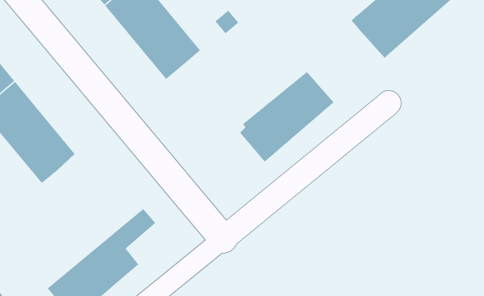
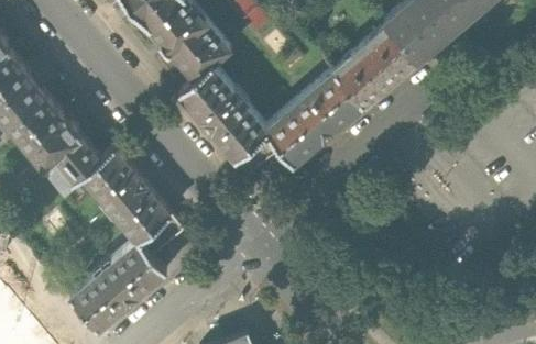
building: none -> [339,31,419,107]
building: none -> [178,68,274,164]
building: none -> [81,149,169,244]

